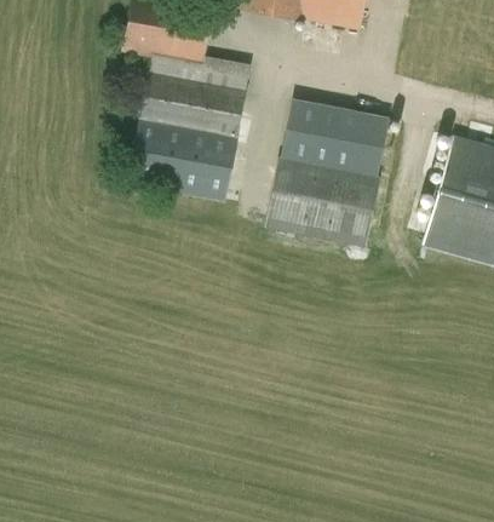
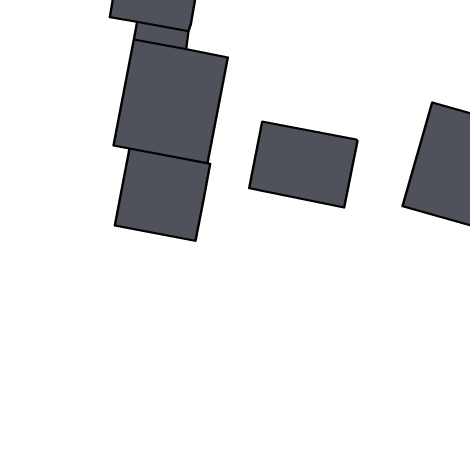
building: [203,57,251,91] -> none
building: [282,99,389,174] -> none
building: none -> [115,149,210,241]

